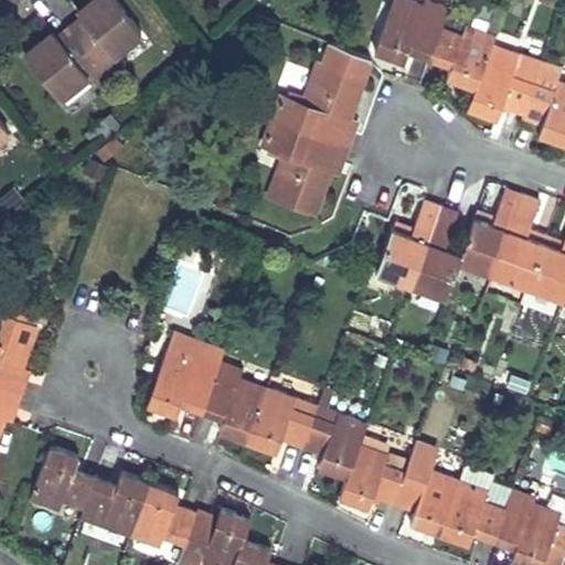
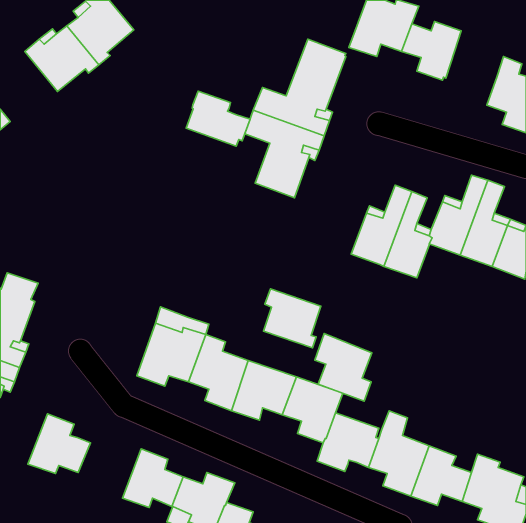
building: [468,57,533,121] -> none
building: none -> [186,91,250,146]
building: none -> [264,289,321,348]
building: none -> [315,333,372,401]
building: [81,473,151,537] -> none

